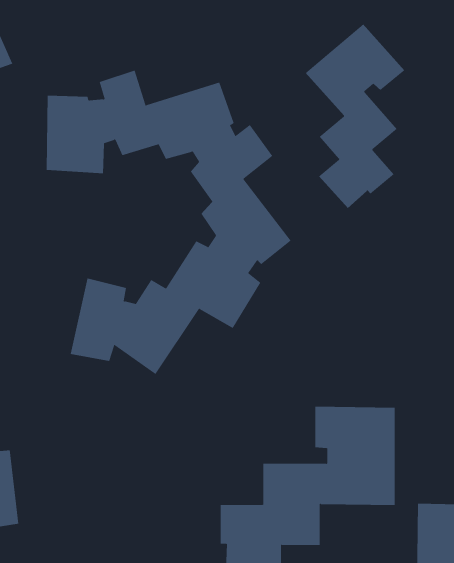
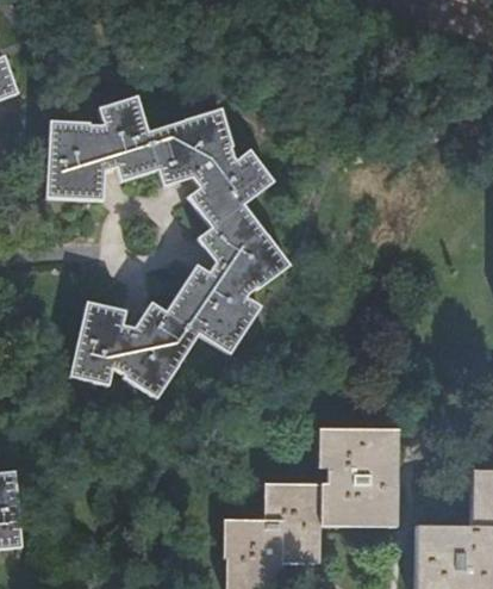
building: [305,24,405,209] -> none

